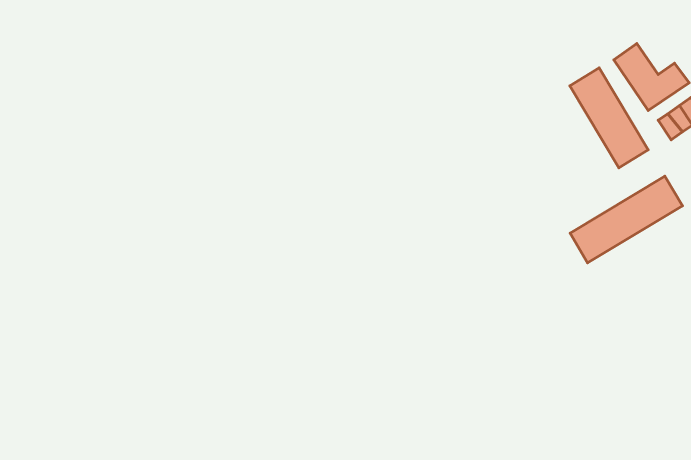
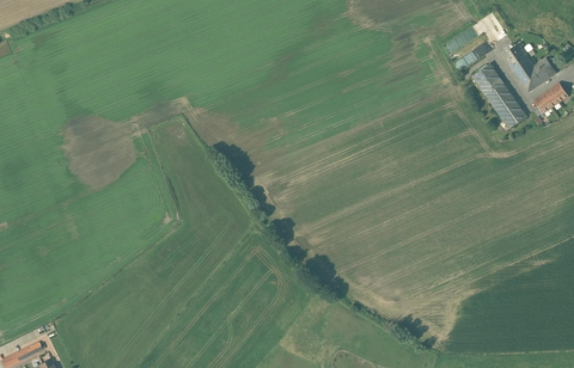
building: [570,176,682,263] -> none

